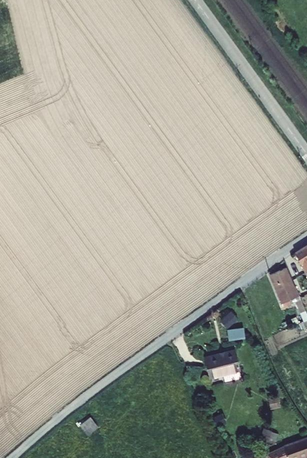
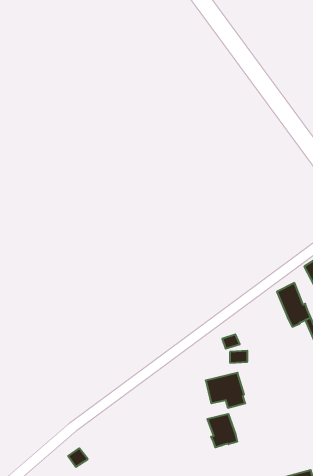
building: none -> [207,414,237,447]

